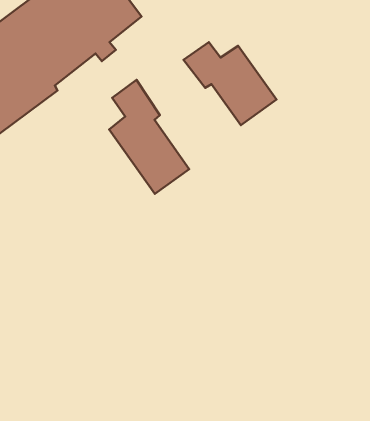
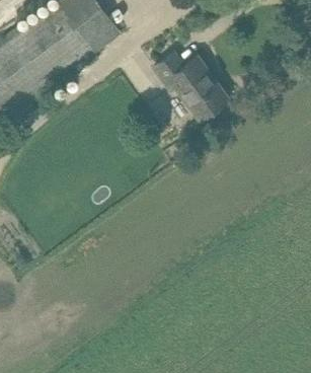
building: [109,80,189,194] -> none

